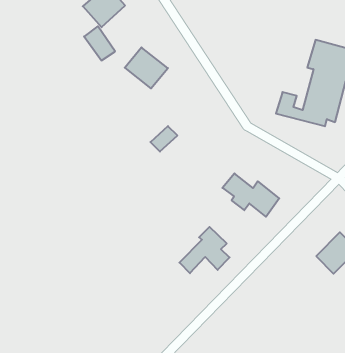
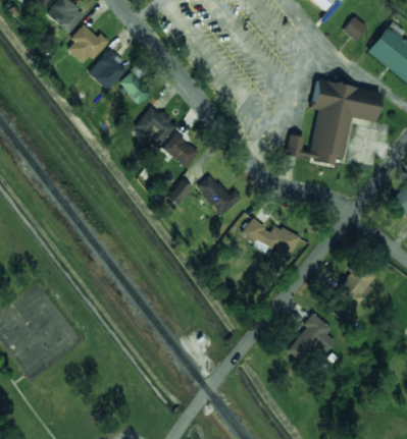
building: [84,26,115,60] -> [119,71,151,104]
building: none -> [162,131,199,167]
building: none -> [197,174,242,215]
building: [179,227,230,273] -> [288,313,336,360]

